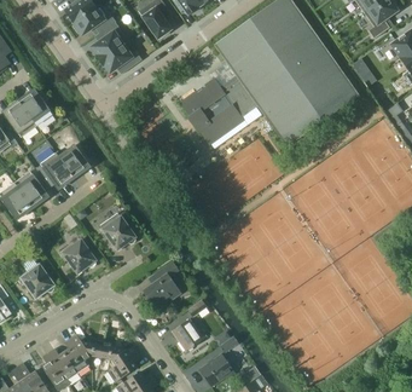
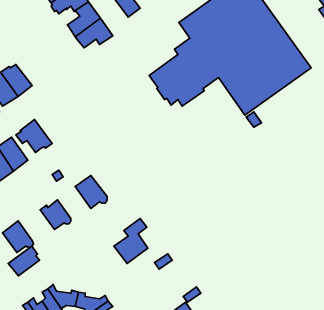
building: [56,144,91,178] -> none
building: none -> [8,246,39,276]
building: [172,318,203,351] -> none

